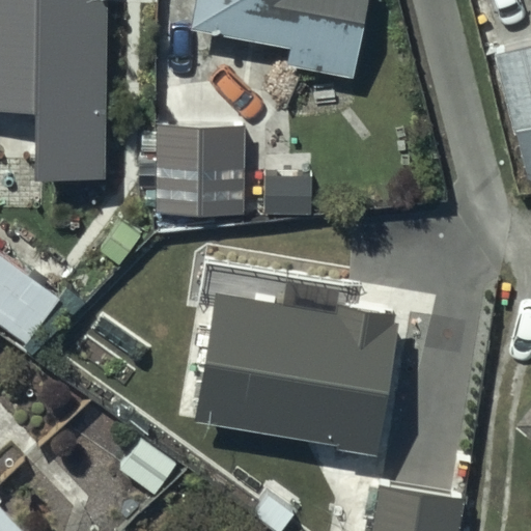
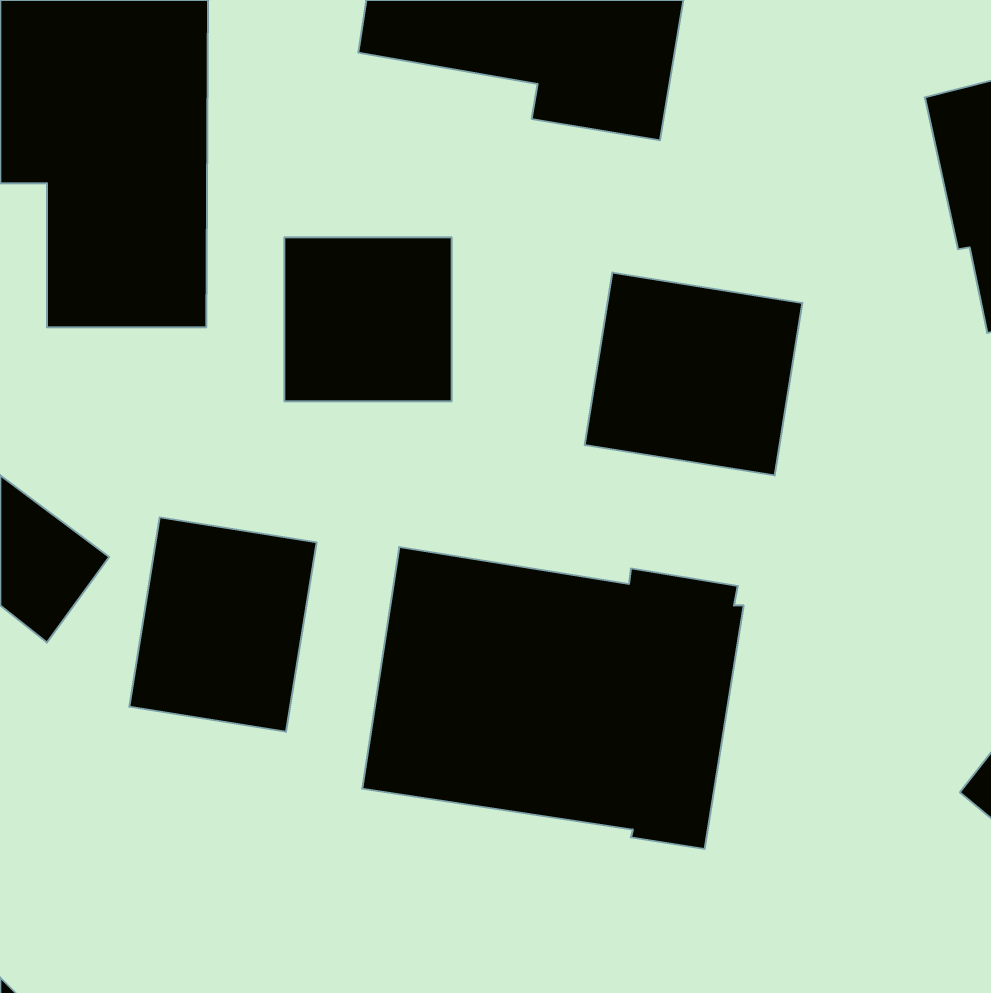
building: none -> [585,272,802,476]
building: none -> [129,517,316,732]

